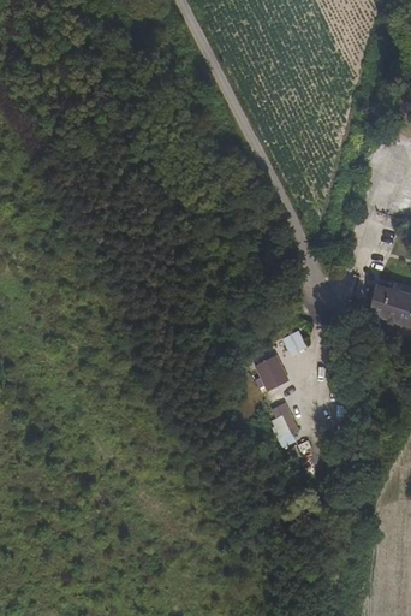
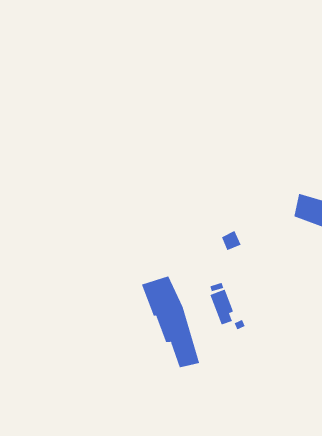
building: [256,355,288,391] -> none
building: none -> [141,276,200,368]

